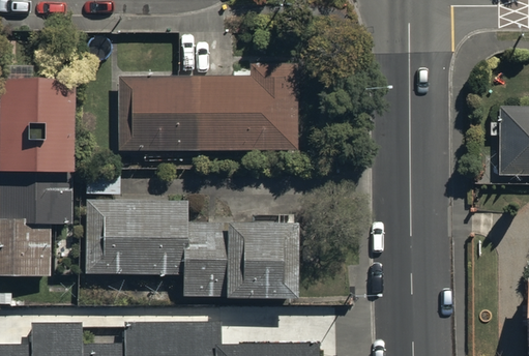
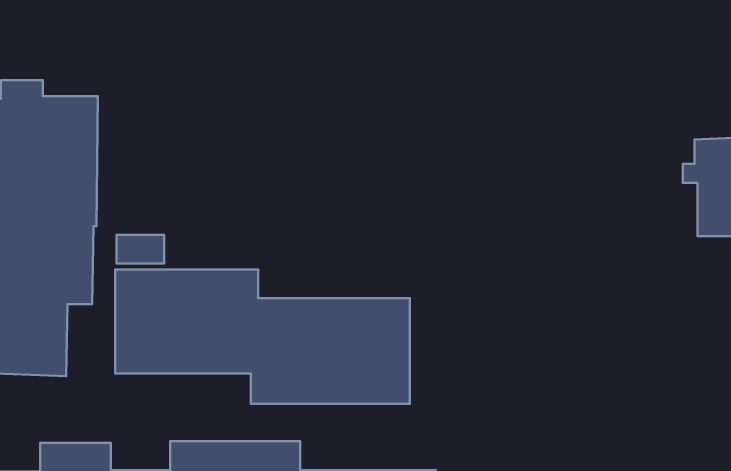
building: [118,65,298,151] -> none

